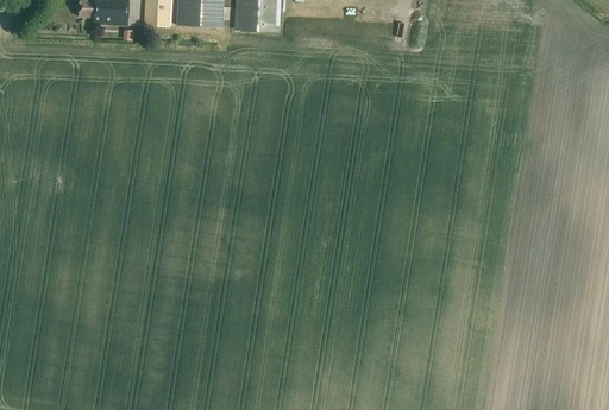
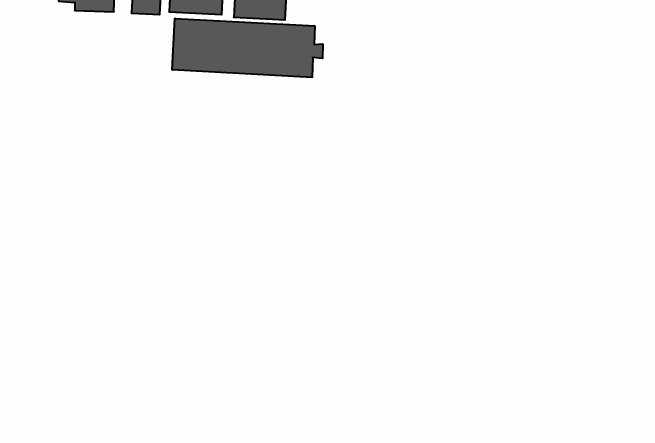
building: none -> [172,18,323,77]

